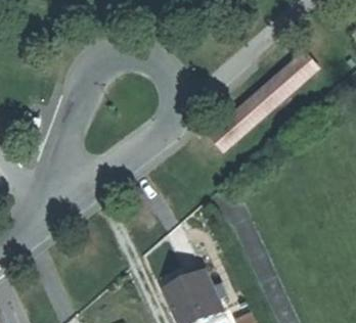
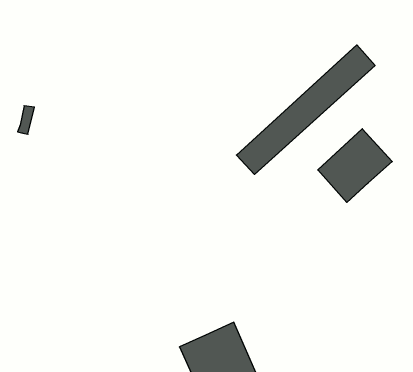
building: none -> [318,129,392,202]

